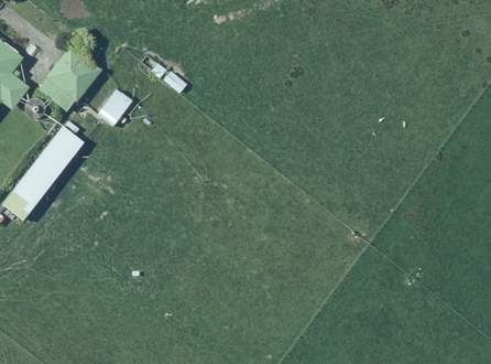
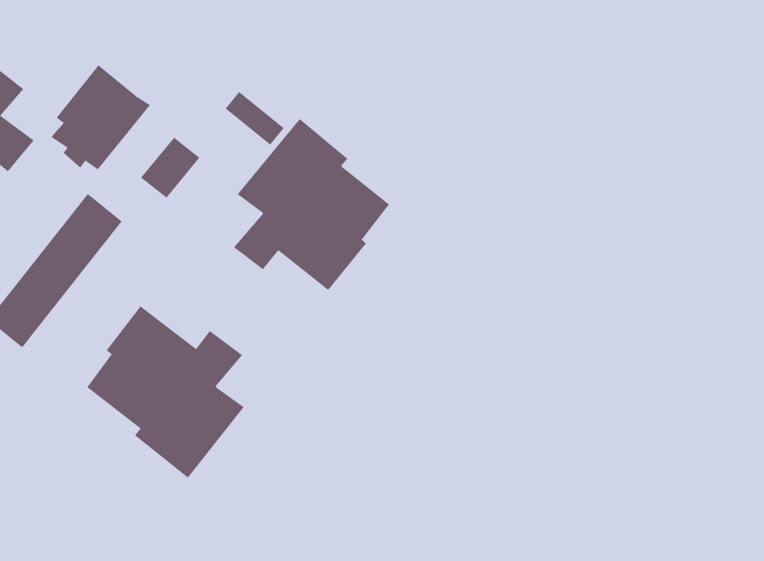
building: none -> [233,118,390,291]
building: none -> [86,306,245,478]

